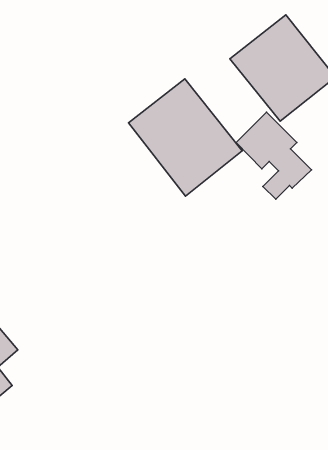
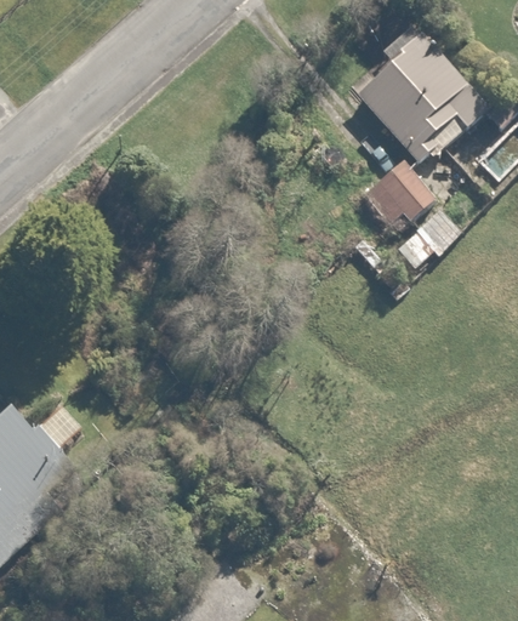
building: [128,79,242,196] -> none

